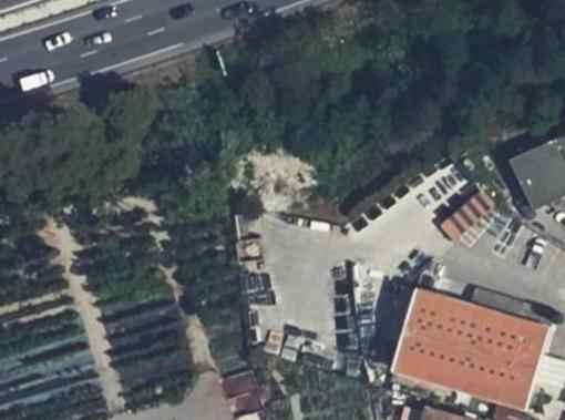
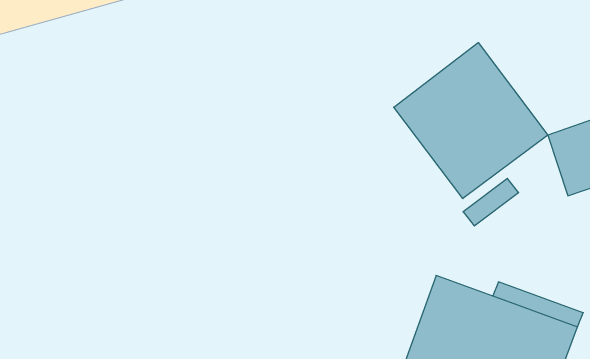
building: none -> [394,43,548,199]

